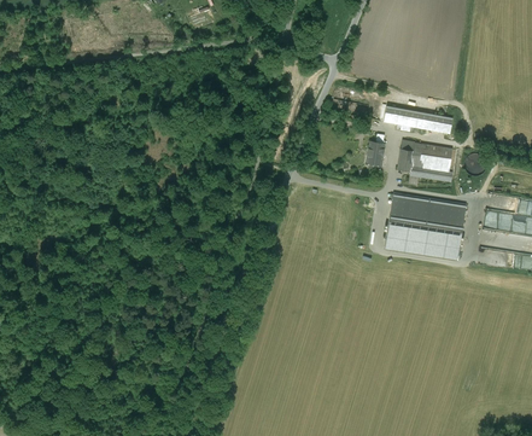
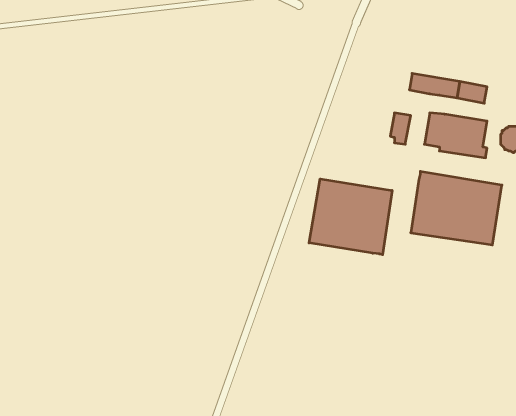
building: none -> [309,179,392,255]

